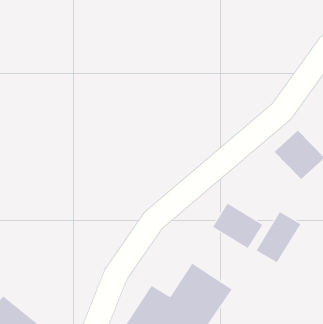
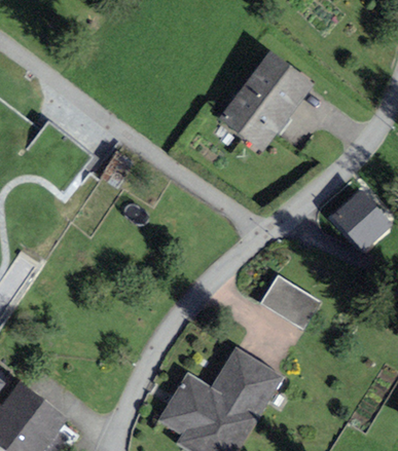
building: none -> [218,52,315,153]
building: [256,211,301,263] -> none

